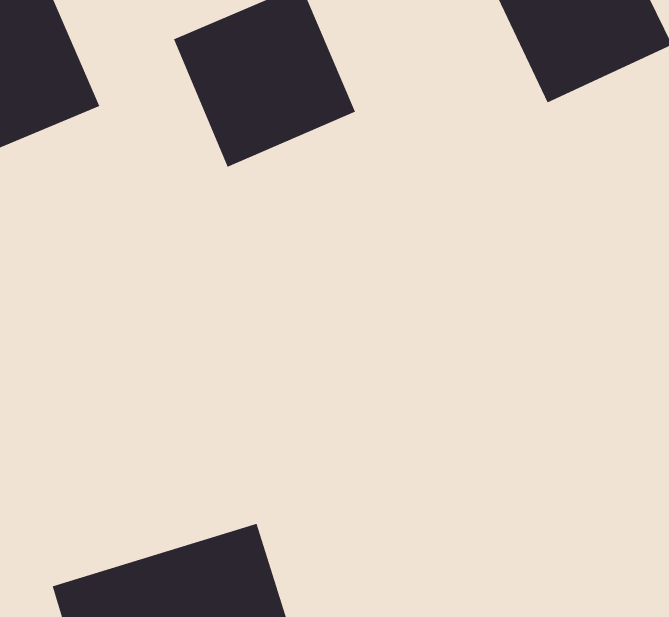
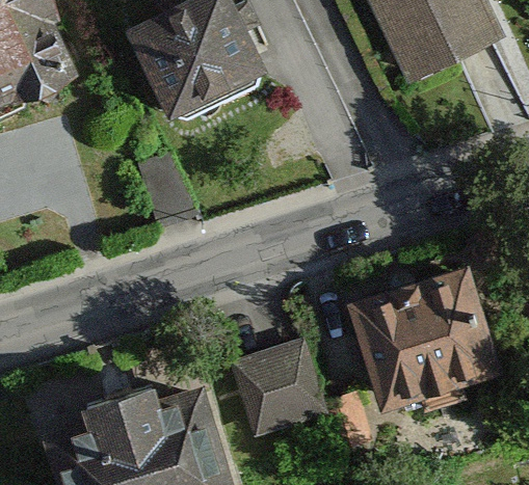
building: none -> [353,266,486,407]
building: none -> [239,334,338,430]

